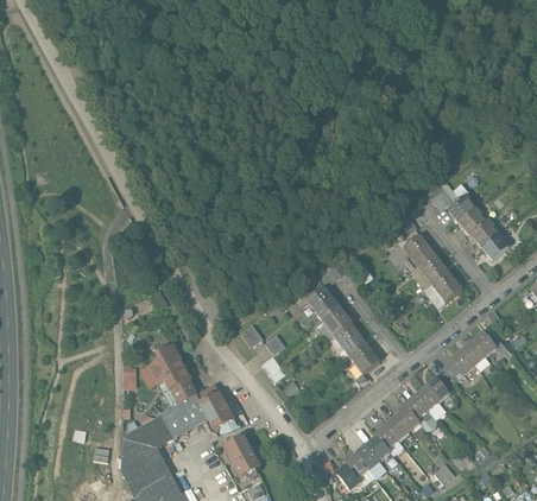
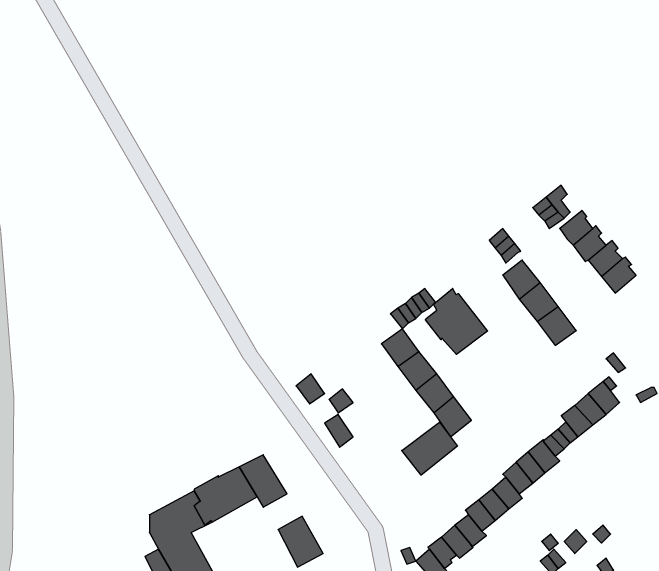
building: none -> [425,288,488,354]
building: [147,348,194,405] -> none
building: none -> [402,422,457,475]

